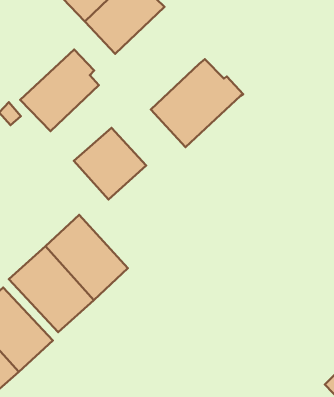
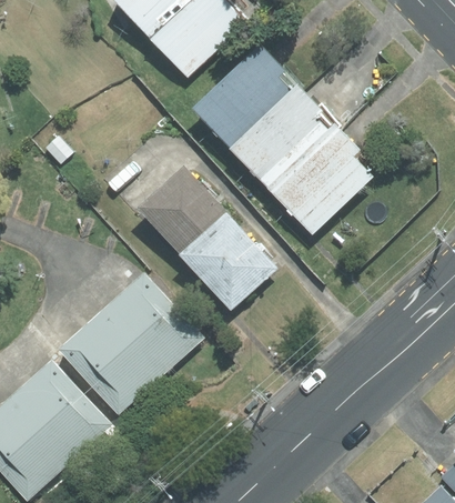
building: [20,49,99,131] -> [193,46,289,144]
building: none -> [272,128,372,232]
building: none -> [179,212,275,310]

